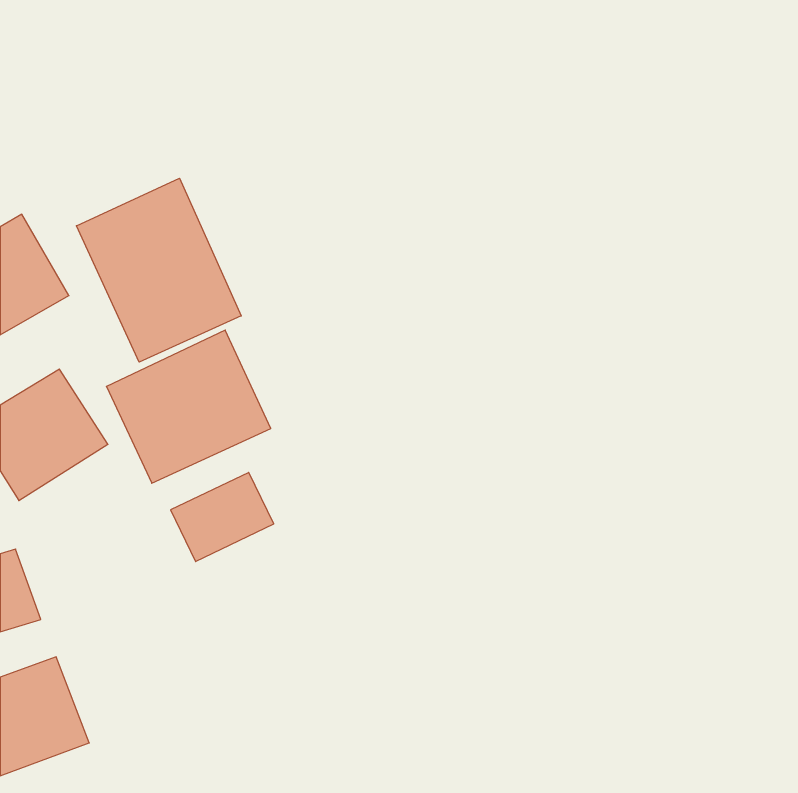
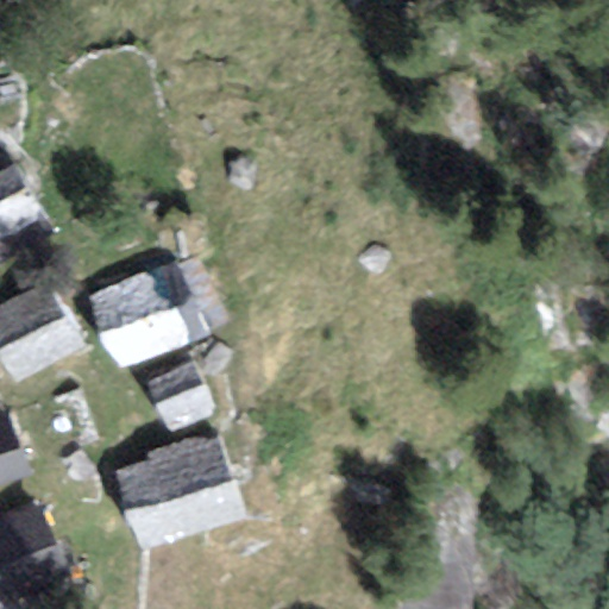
building: [76,178,241,362] -> none
building: none -> [108,429,252,558]

